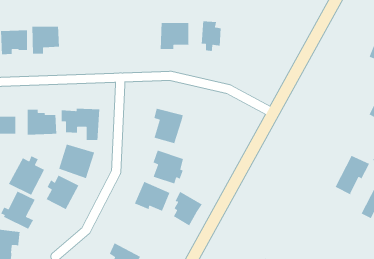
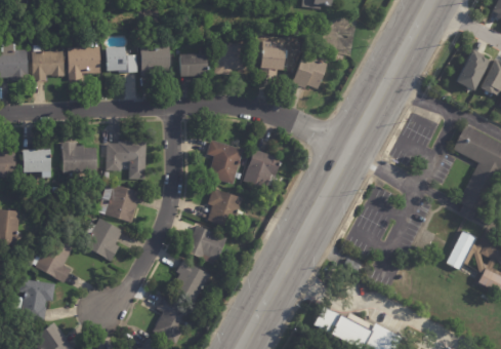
building: none -> [140,42,170,75]
building: none -> [106,47,136,73]
building: none -> [179,53,207,76]
building: none -> [292,54,327,87]
building: none -> [245,150,282,188]
building: [334,155,370,195] -> none
building: [8,155,45,196] -> none
building: [173,191,203,226] -> [175,259,210,300]

